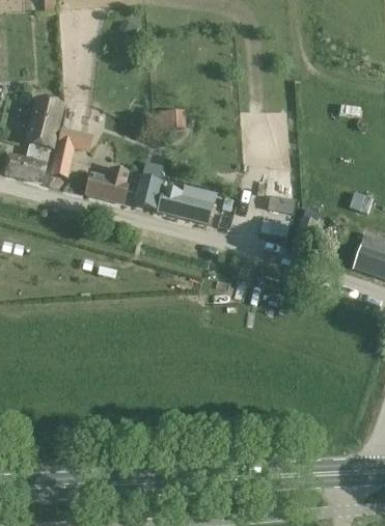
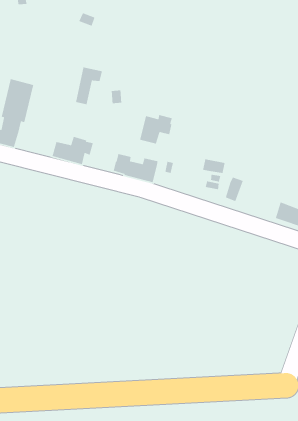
building: [53,128,86,174] -> [75,66,103,105]
building: none -> [139,114,173,144]
building: [133,174,163,210] -> none

